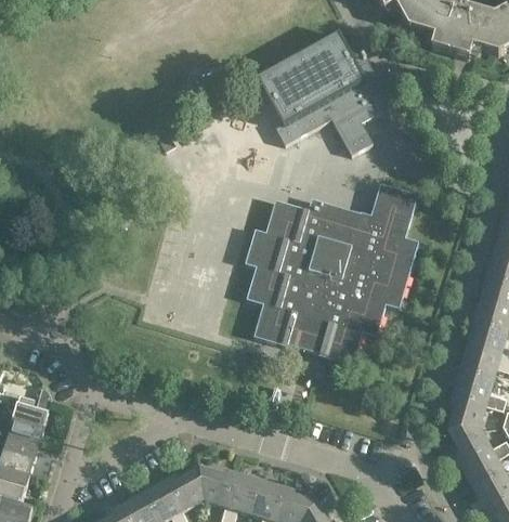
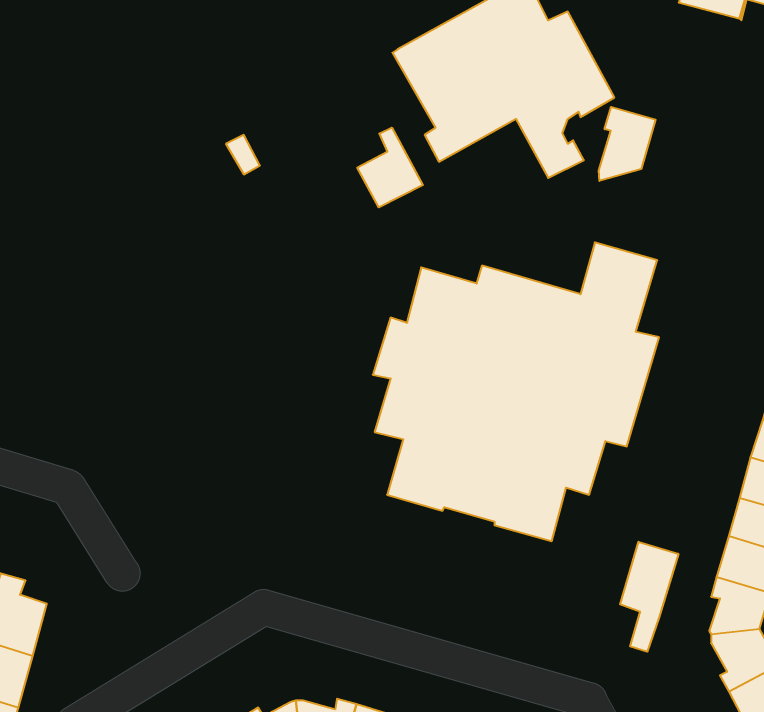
building: none -> [599,107,656,181]
building: none -> [357,128,423,207]
building: none -> [620,542,678,652]

